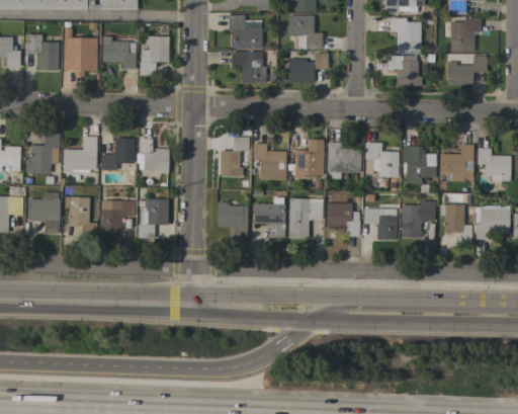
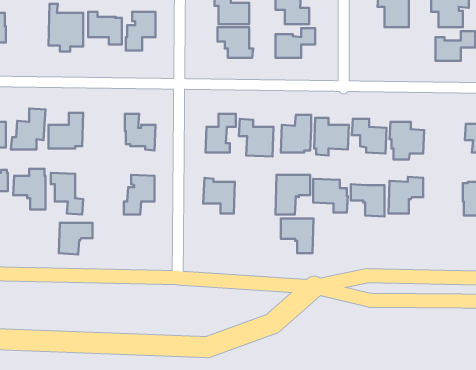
building: [25,33,59,70] -> none
building: [386,55,421,86] -> none
building: [100,138,135,170] -> none
building: [439,145,473,181] -> none
building: [101,200,135,232] -> [59,223,92,254]
building: [253,203,285,238] -> [281,219,314,253]
building: [440,204,471,245] -> none

